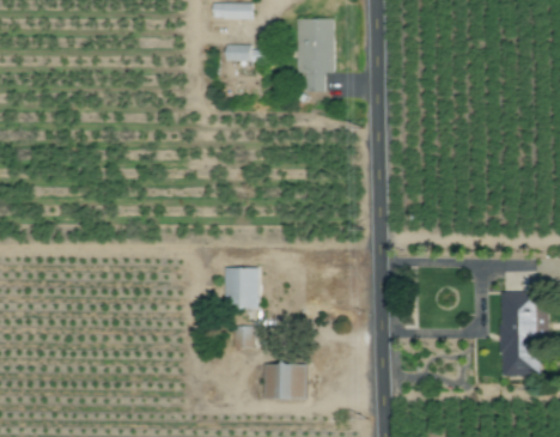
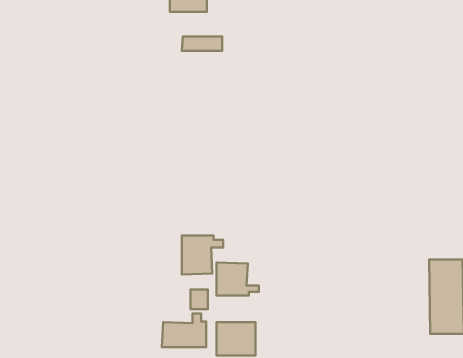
building: [298,19,335,92] -> none
building: none -> [216,262,259,296]
building: none -> [162,313,206,347]

